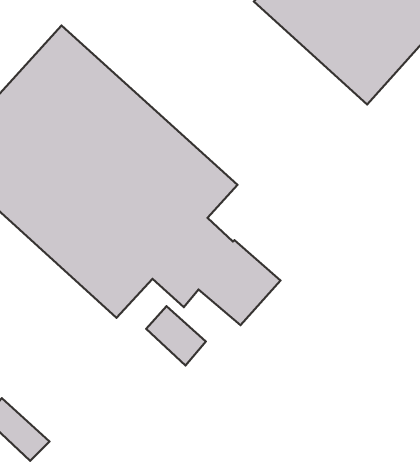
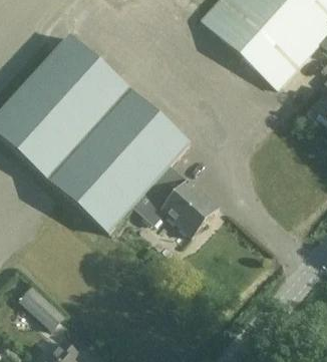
building: [146,306,206,365] -> none

